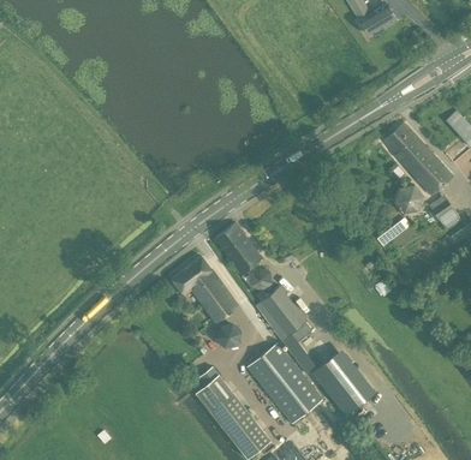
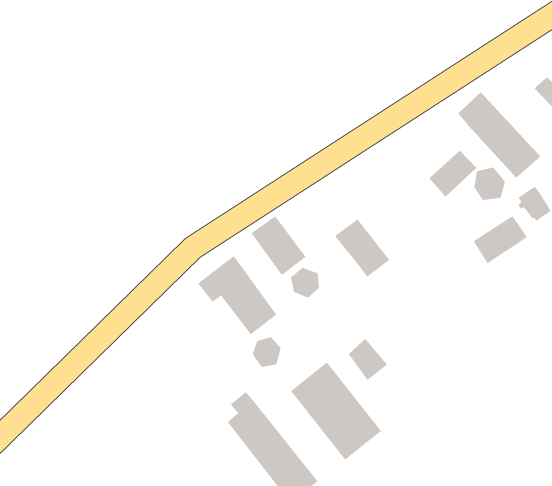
building: none -> [428,150,477,197]
building: none -> [473,215,528,264]
building: [260,286,305,334] -> [334,218,390,277]
building: [311,352,370,416] -> none

